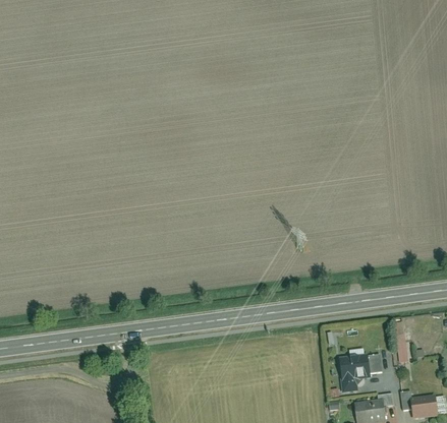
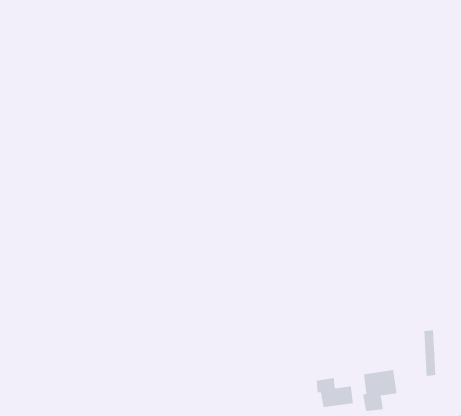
building: none -> [316,377,354,408]

